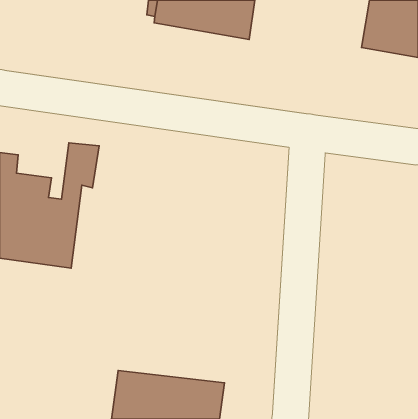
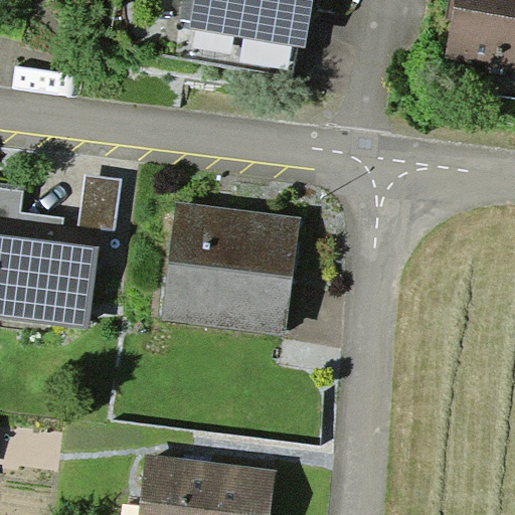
building: none -> [162,201,300,333]

